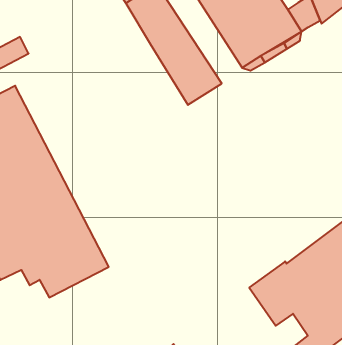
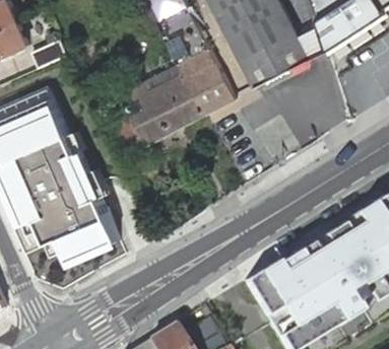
building: none -> [105,72,208,158]

